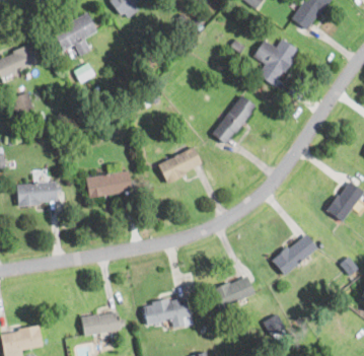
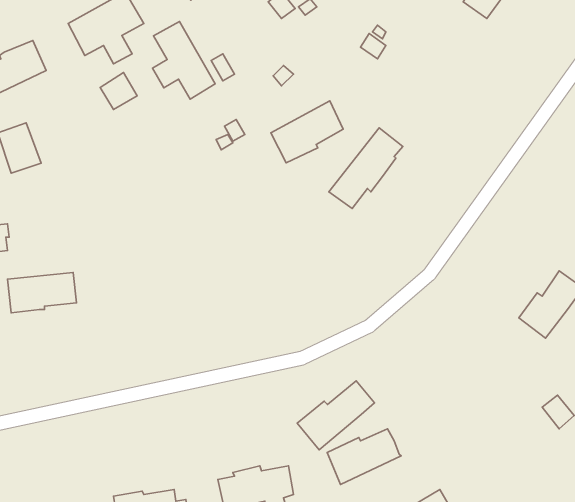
building: none -> [152,22,215,99]
building: [254,40,297,85] -> none
building: [158,146,202,184] -> [271,101,343,163]
building: [86,170,132,199] -> none
building: [271,234,317,276] -> [297,381,375,450]

